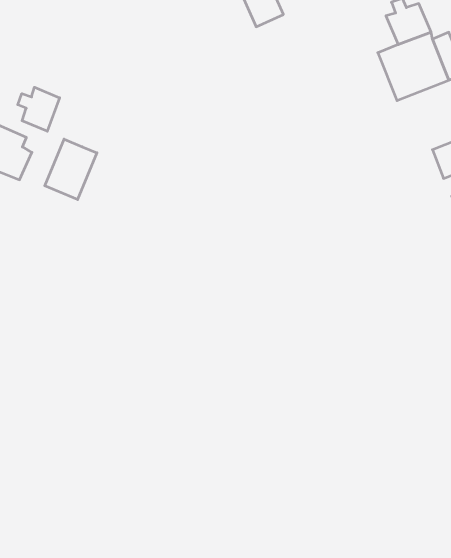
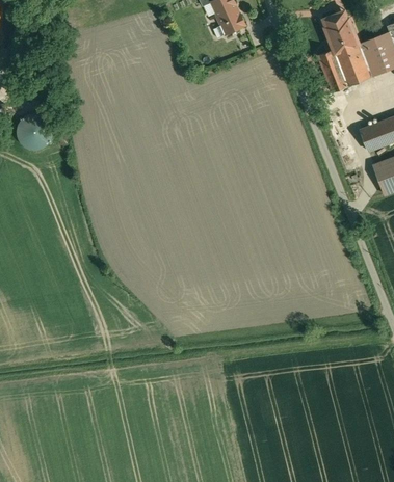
building: [18,87,60,131] -> none
building: [45,139,97,200] -> none

